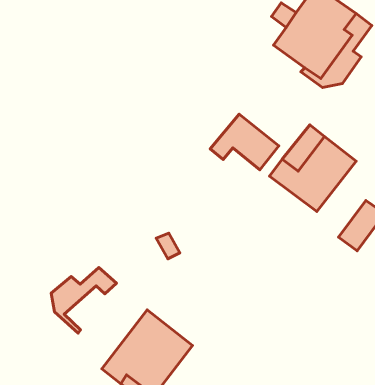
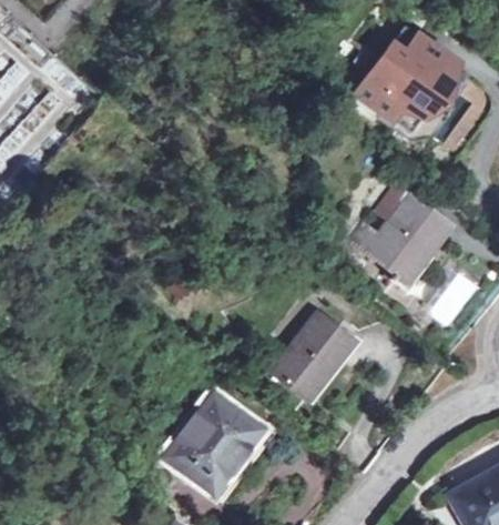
building: [210,114,279,170] -> none
building: none -> [272,312,353,400]
building: [51,268,117,333] -> none

